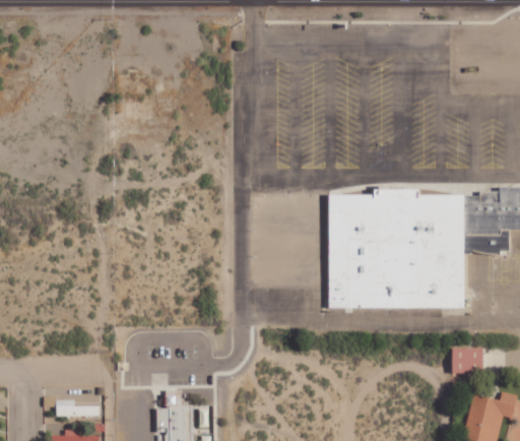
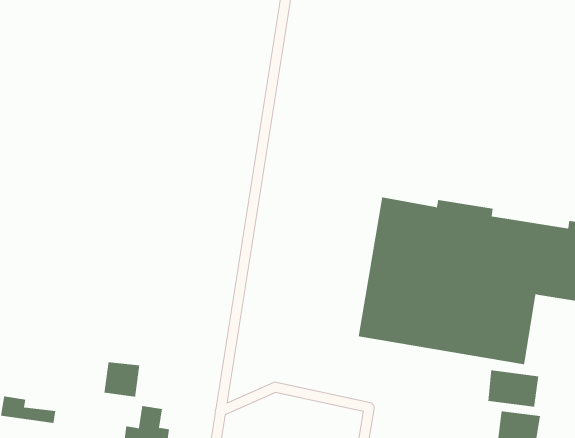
building: none -> [488,370,539,407]
building: none -> [104,361,140,398]

